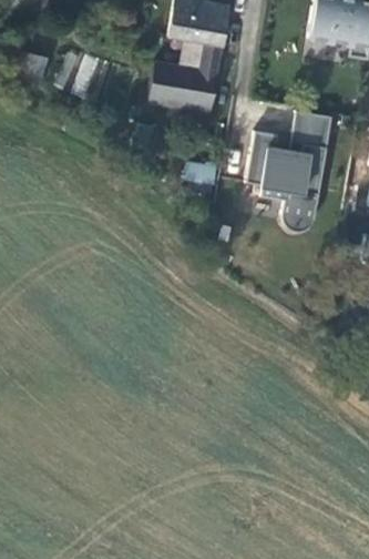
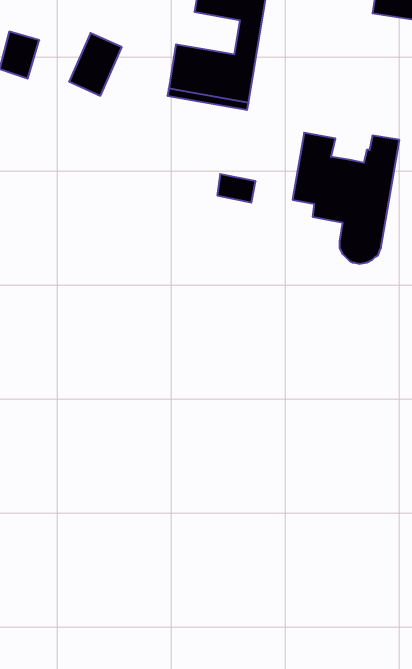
building: [290,111,332,154] -> none

